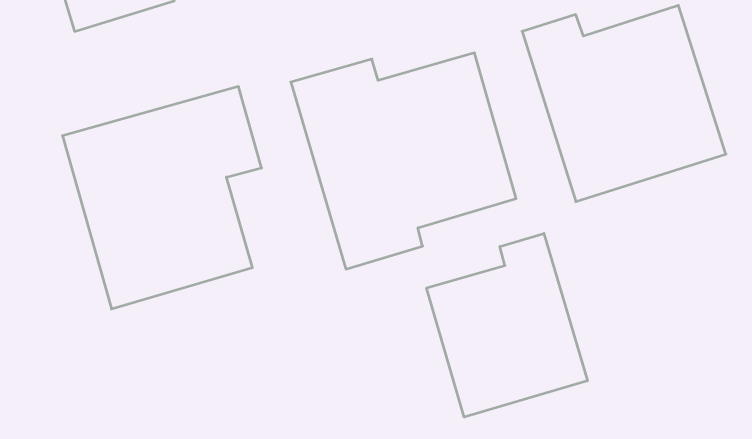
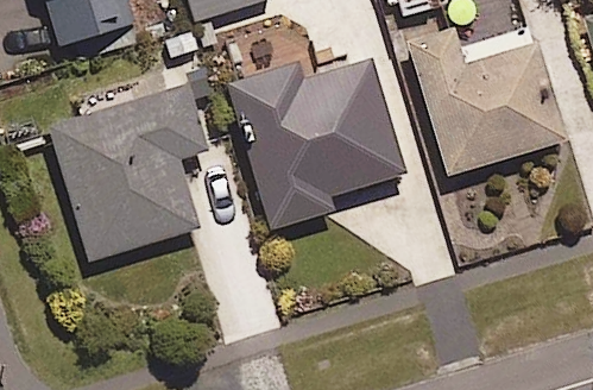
building: [427,233,587,417] -> none

